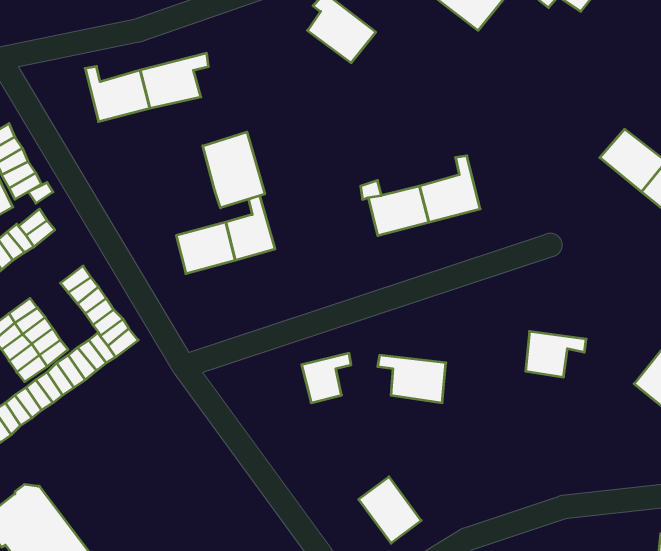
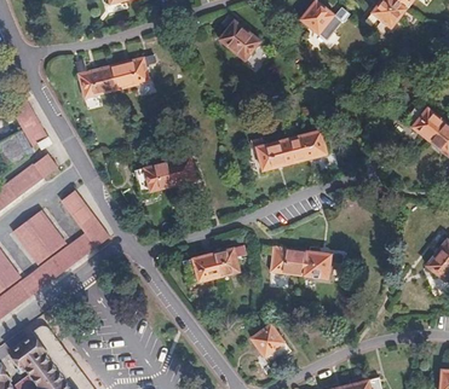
building: [203,132,265,208] -> none
building: [526,331,586,377] -> [304,251,342,280]
building: none -> [183,252,220,285]

